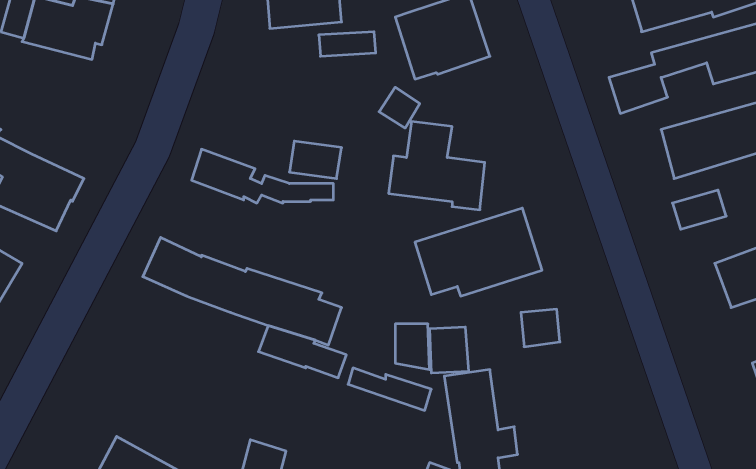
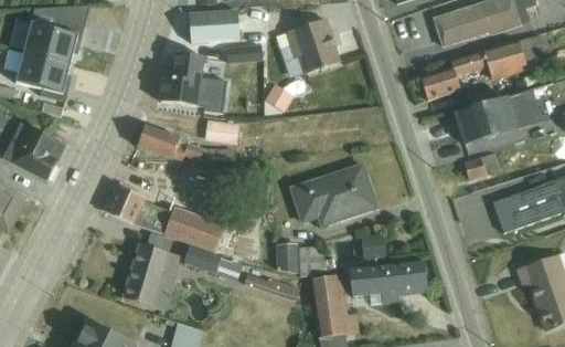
building: none -> [15,52,72,102]
building: [389,122,485,210] -> [161,53,226,113]
building: none -> [122,242,180,311]
building: none -> [349,261,427,304]

